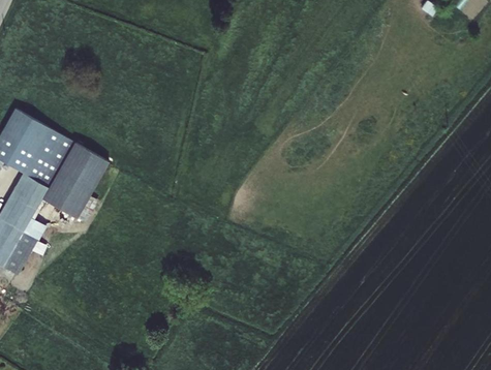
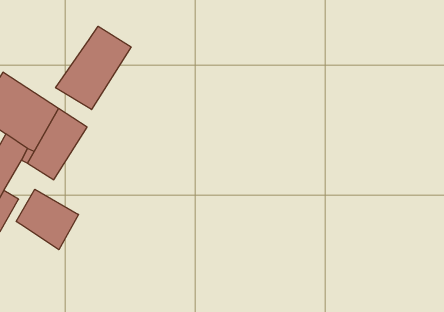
building: none -> [56,26,131,110]
building: none -> [16,189,79,250]

